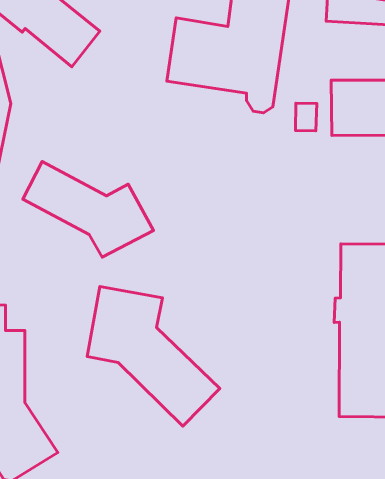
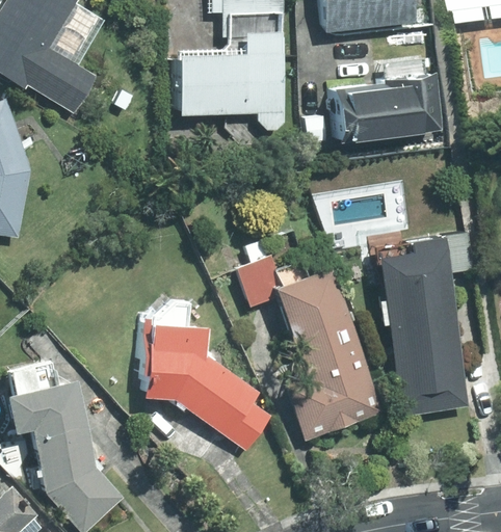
building: [23,162,153,257] -> none
building: none -> [235,252,387,442]

